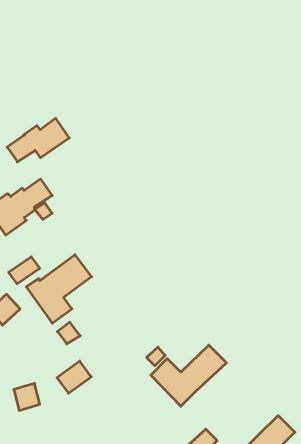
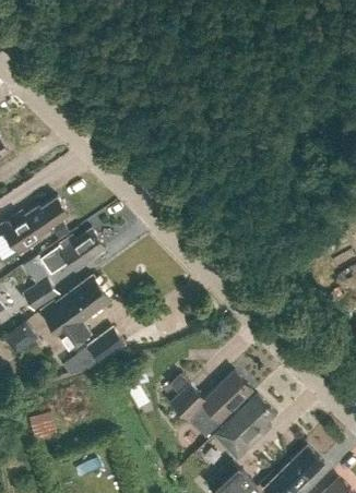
building: [7,118,69,162] -> [40,229,106,275]
building: [57,361,91,393] -> [88,328,124,362]
building: none -> [214,395,275,459]

